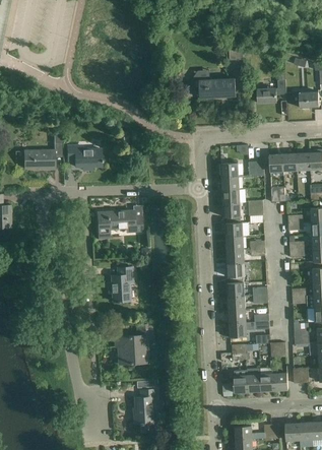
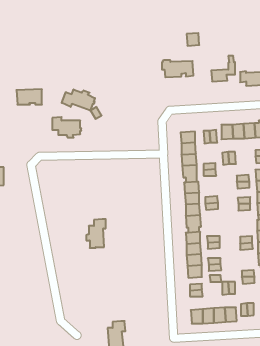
building: none -> [62,89,95,111]
building: [24,149,55,168] -> [16,89,42,105]
building: [98,210,142,238] -> none
building: [115,324,152,364] -> none

